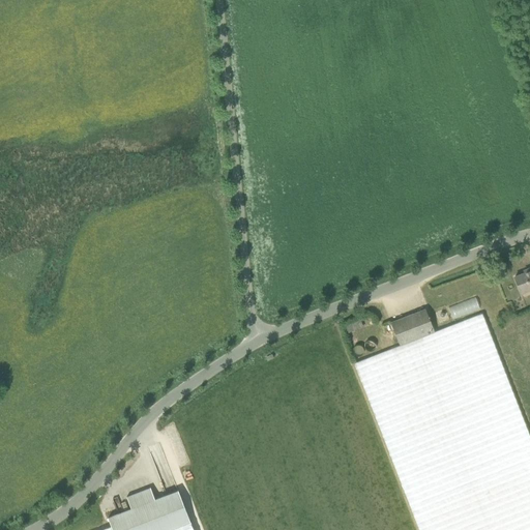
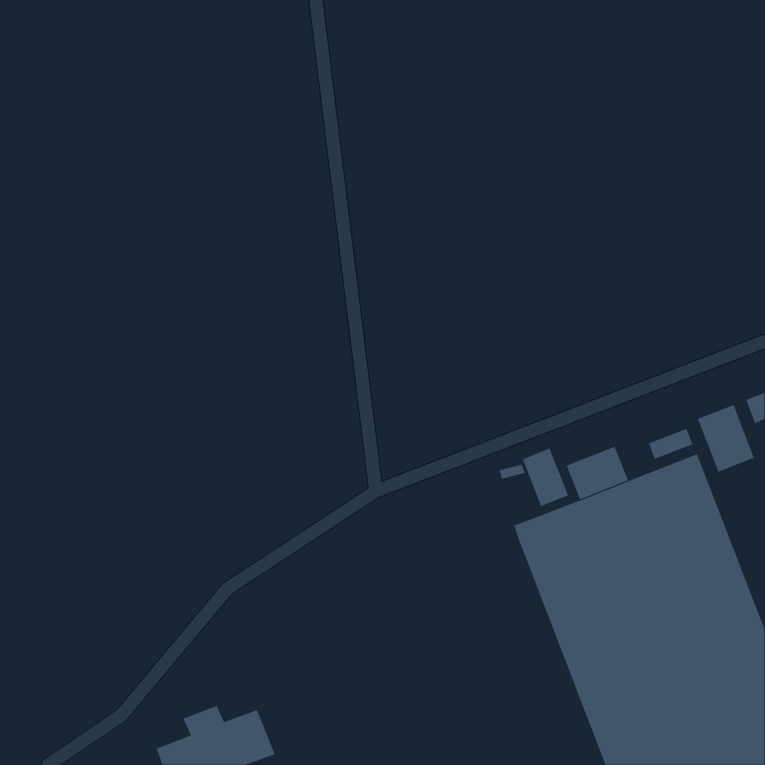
building: none -> [697,404,755,472]
building: none -> [522,448,569,507]

